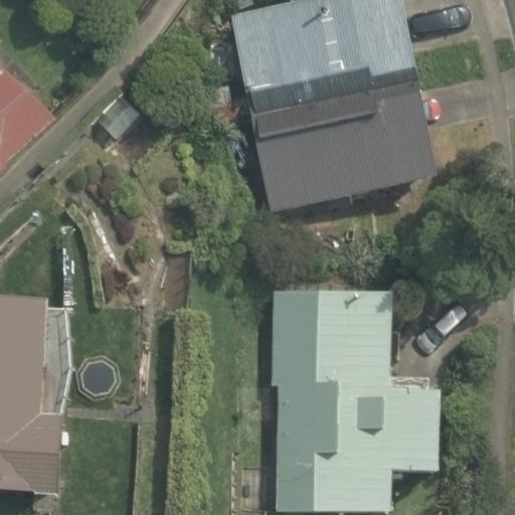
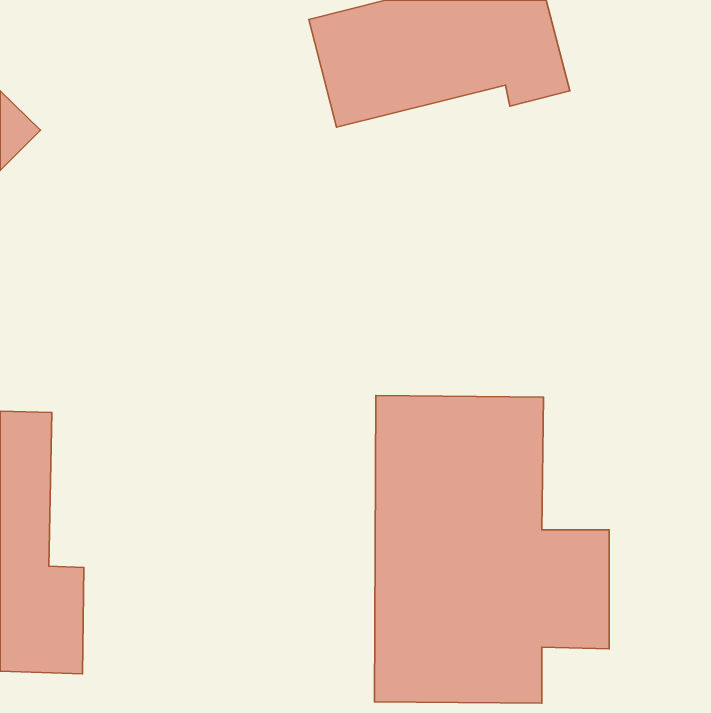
building: [248,78,436,217] -> none

